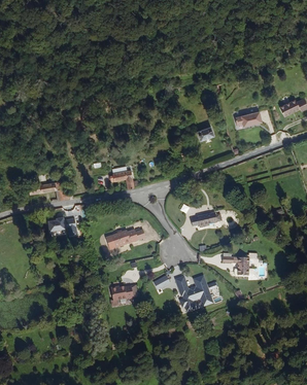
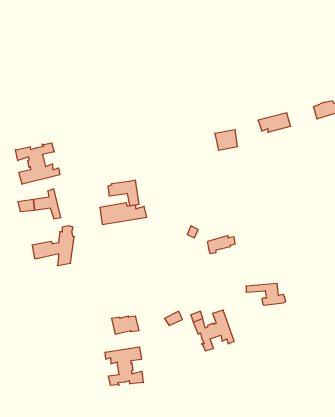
building: none -> [15,143,60,184]
building: [109,226,149,245] -> [100,203,147,224]
building: none -> [105,347,143,385]

